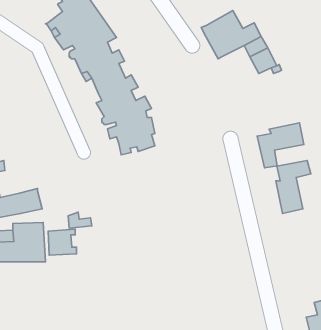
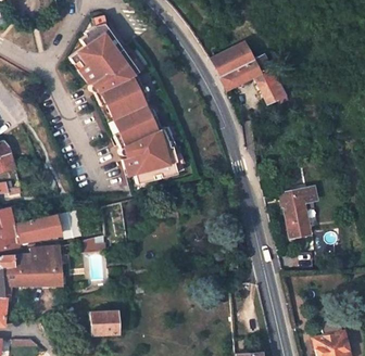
building: [257,123,304,168] -> none
building: [48,229,76,255] -> [91,310,118,335]

